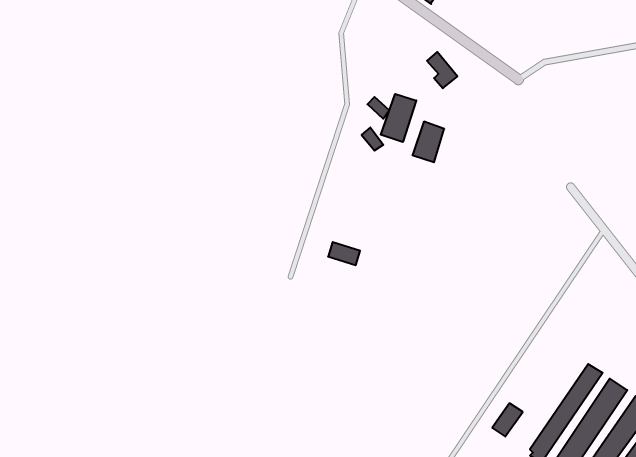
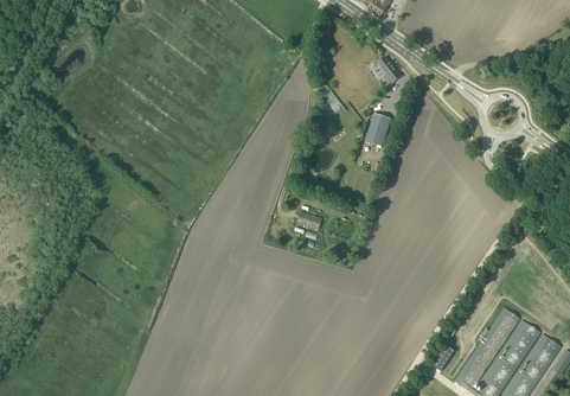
building: [381,94,416,142] -> none

